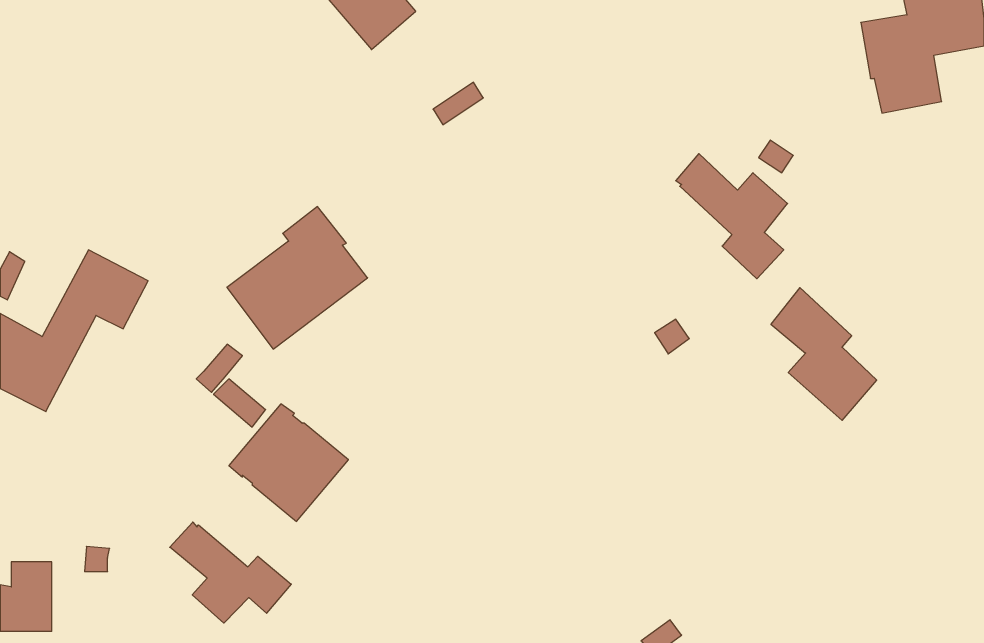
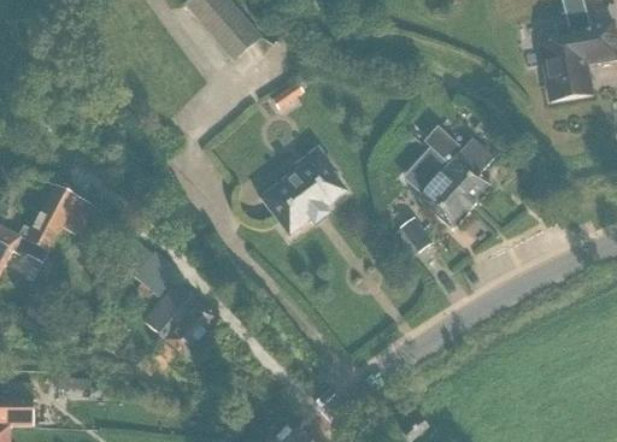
building: [227,207,368,349] -> [259,146,347,235]
building: [771,288,877,420] -> [407,145,474,228]
building: [170,522,291,623] -> none

